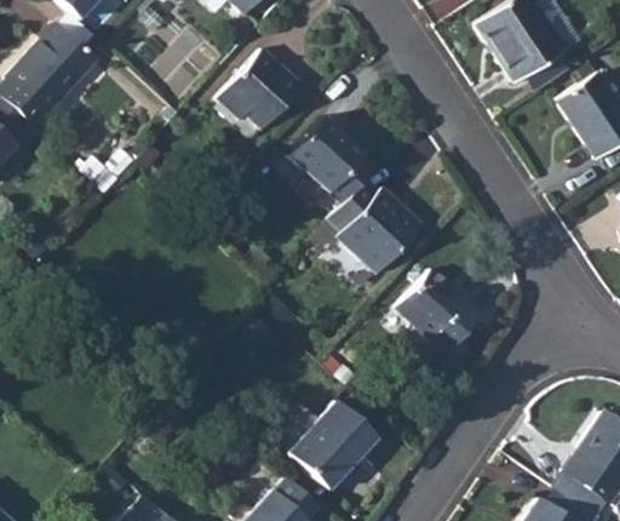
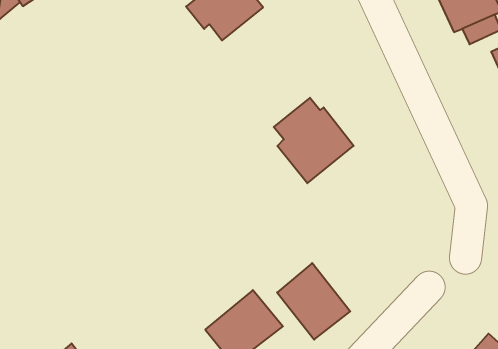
building: [287,116,375,204] -> none
building: [396,269,481,354] -> [277,263,350,340]

